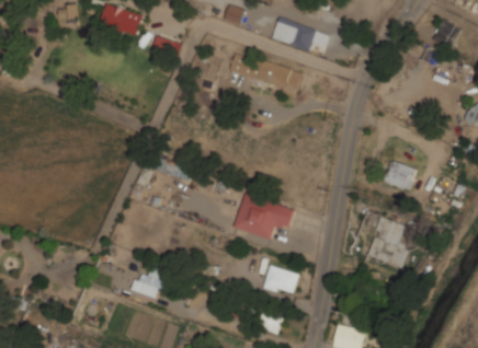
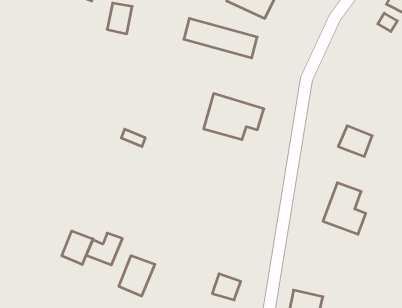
building: [234,194,294,240] -> [204,94,264,140]
building: none -> [62,231,93,265]
building: [262,266,298,297] -> none
building: none -> [119,256,155,296]

